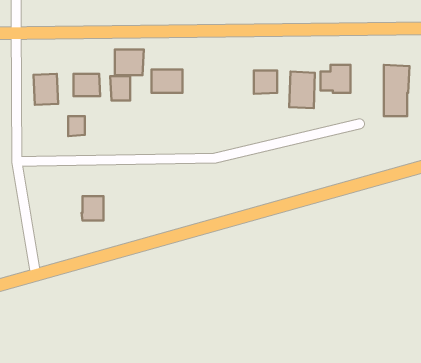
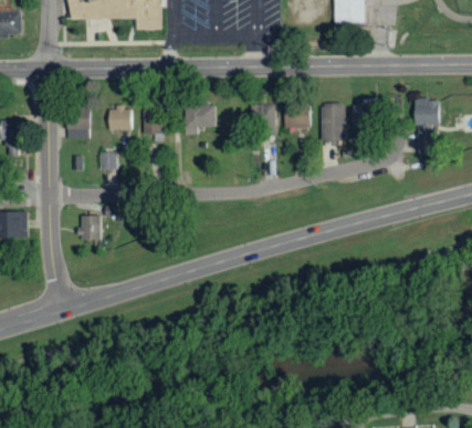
building: [115,49,144,75] -> none
building: none -> [250,105,276,127]
building: [81,196,104,221] -> [78,217,101,241]

